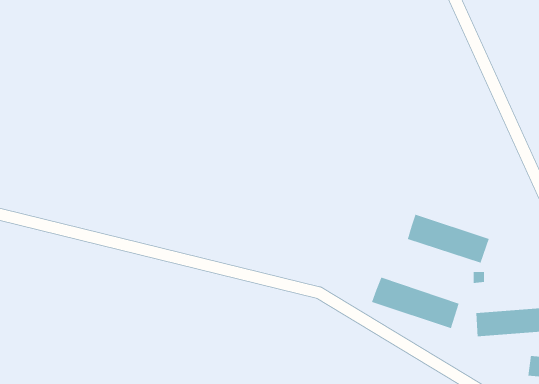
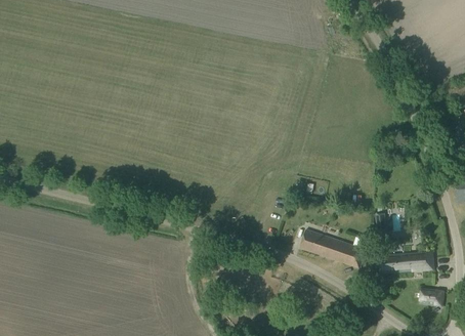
building: [407,214,490,264] -> none

